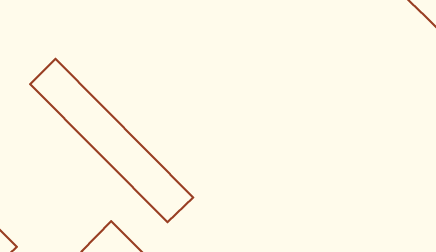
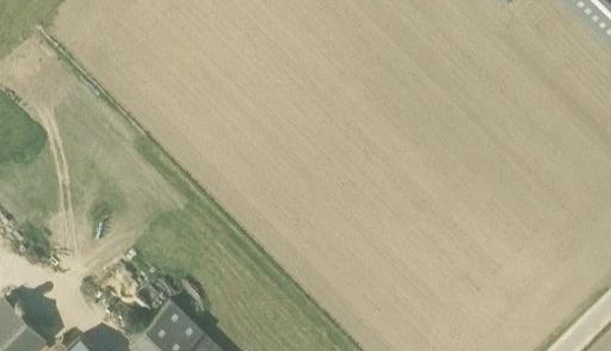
building: [30,59,193,222] -> none

